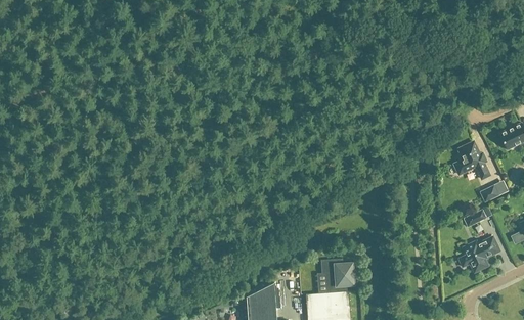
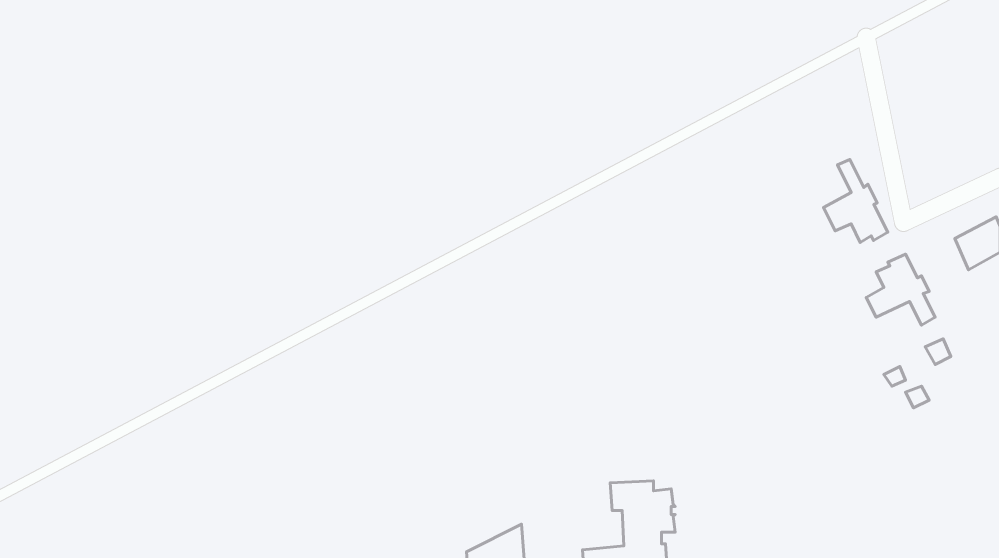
building: none -> [824,160,888,242]
building: [458,236,499,273] -> none

